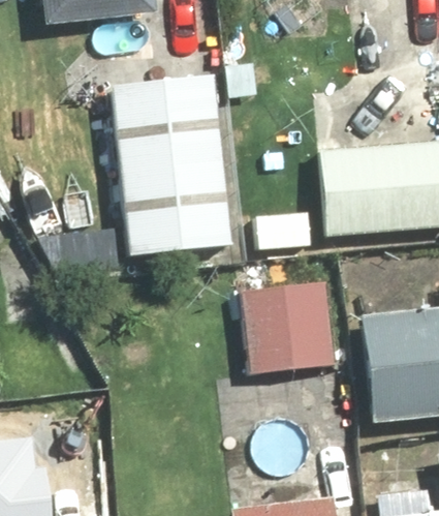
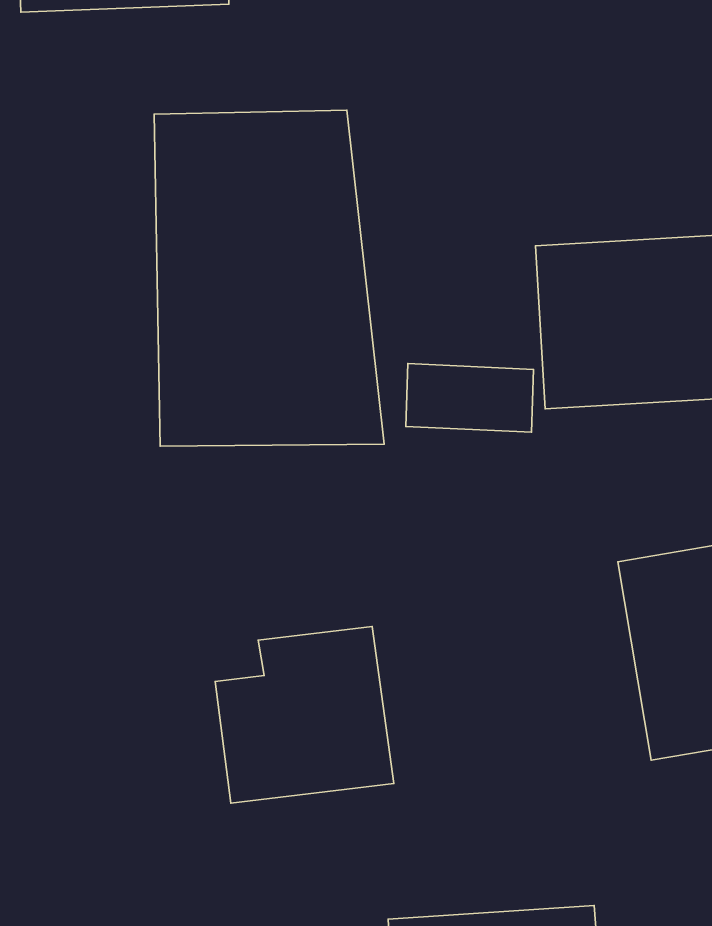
building: [244,280,338,373] -> [215,626,394,803]

